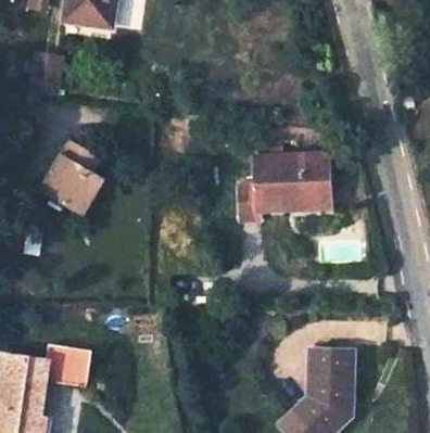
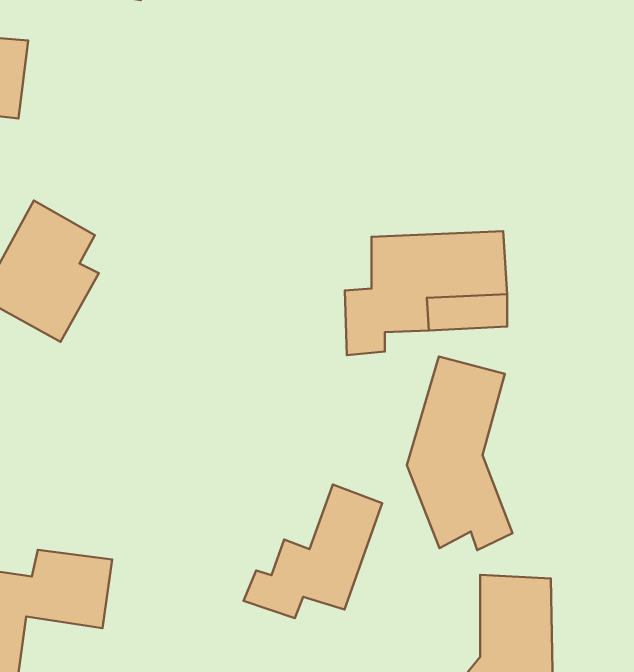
building: none -> [407,356,512,550]
building: none -> [244,484,382,618]

